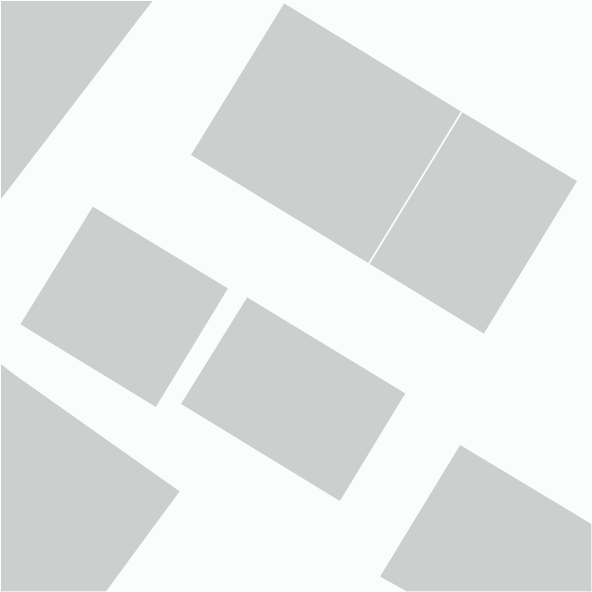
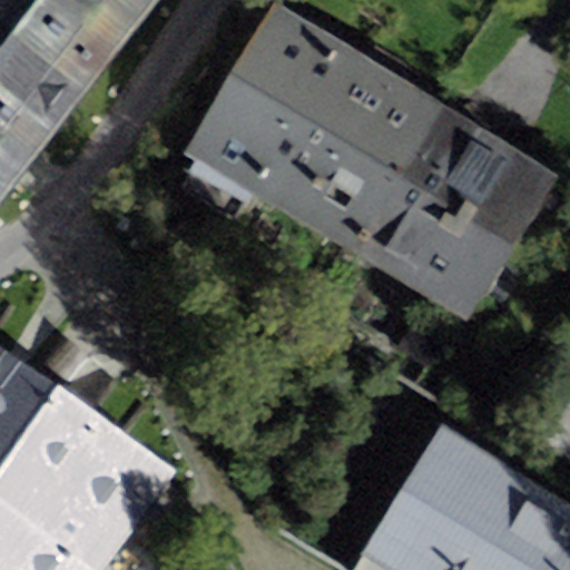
building: [19,206,229,408] -> none
building: [180,296,407,502] -> none

